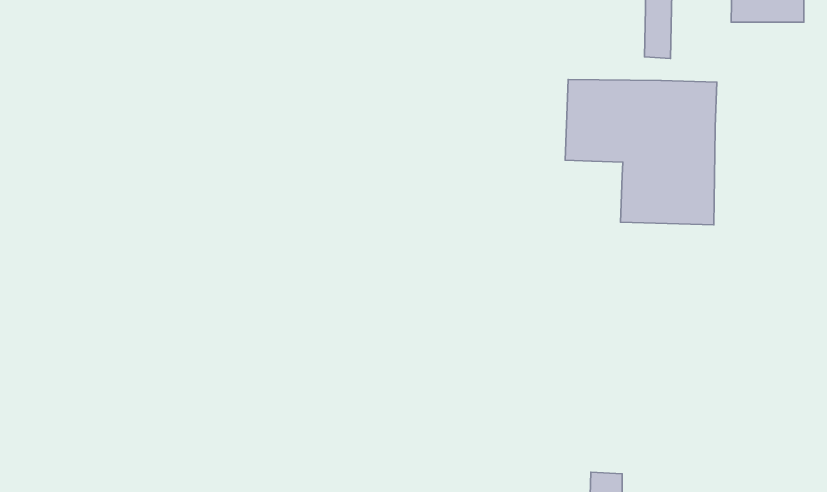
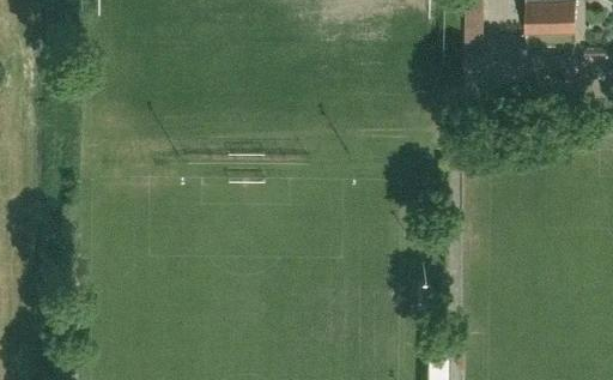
building: [565,80,717,225] -> none

